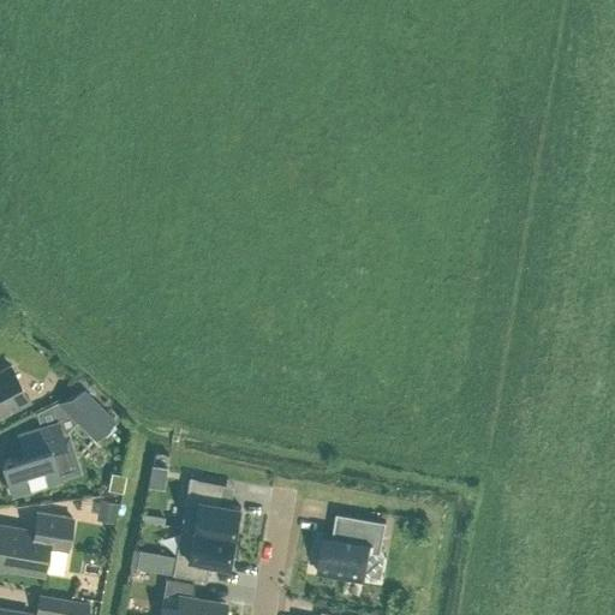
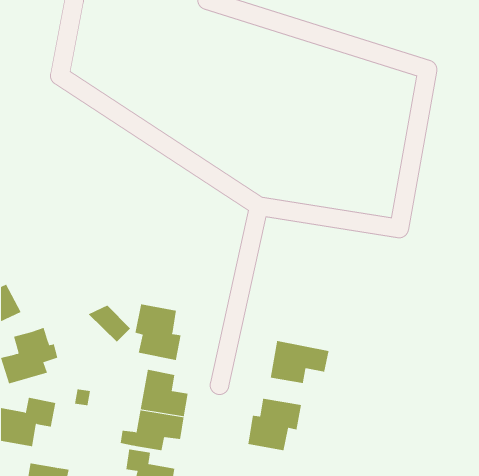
building: none -> [135,304,181,361]
building: [58,393,113,441] -> [88,305,131,342]
building: none -> [270,340,329,384]

